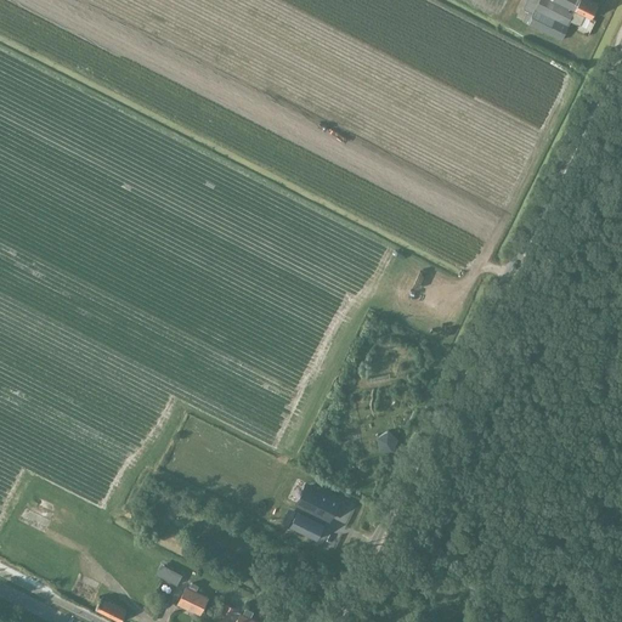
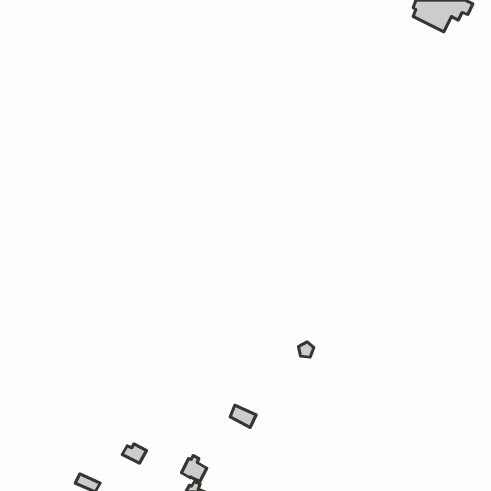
building: [300,485,341,522] -> none
building: [177,583,209,616] -> [182,456,207,482]

